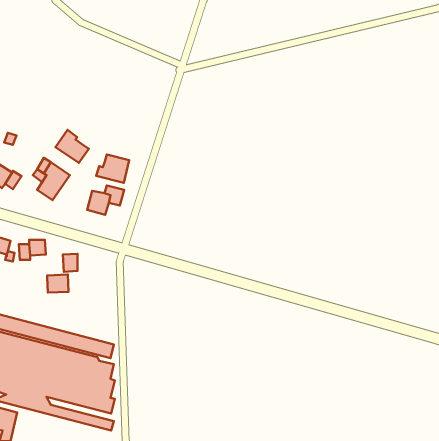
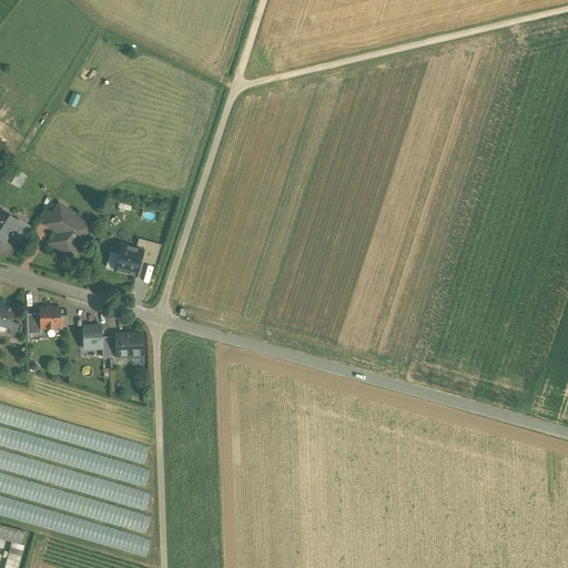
building: [56,130,89,163] -> none
building: [96,155,129,183] -> none
building: [47,274,69,293] -> [113,334,141,357]

